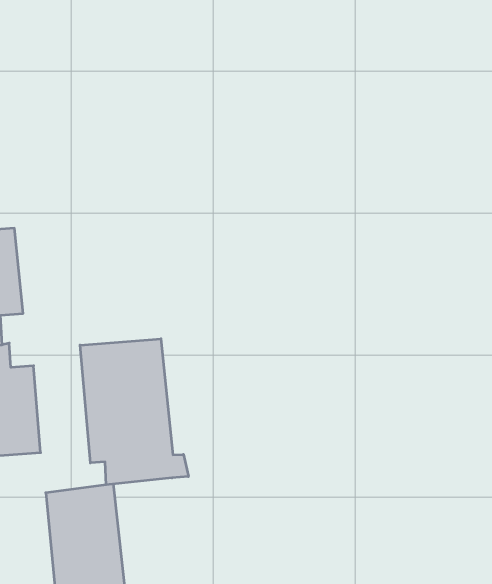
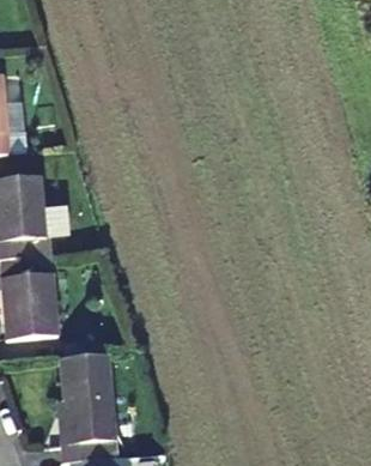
building: [80,339,188,485] -> none

